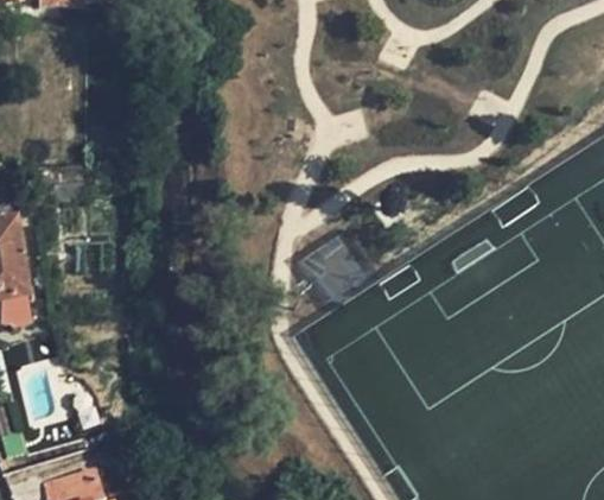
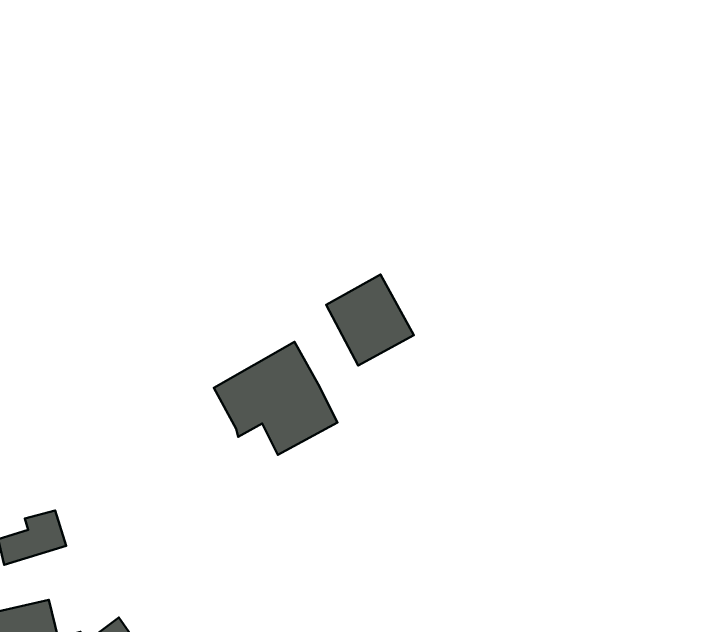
building: none -> [214,342,338,455]

